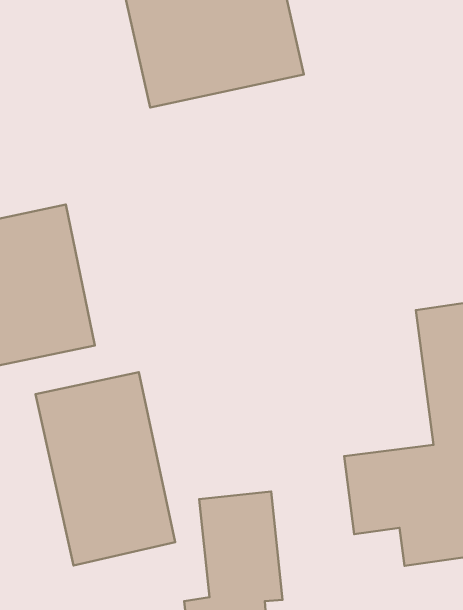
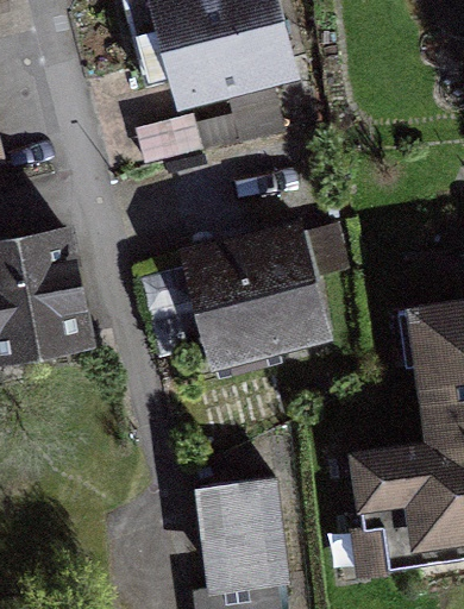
building: none -> [175,219,334,372]
building: [36,372,175,565] -> none

